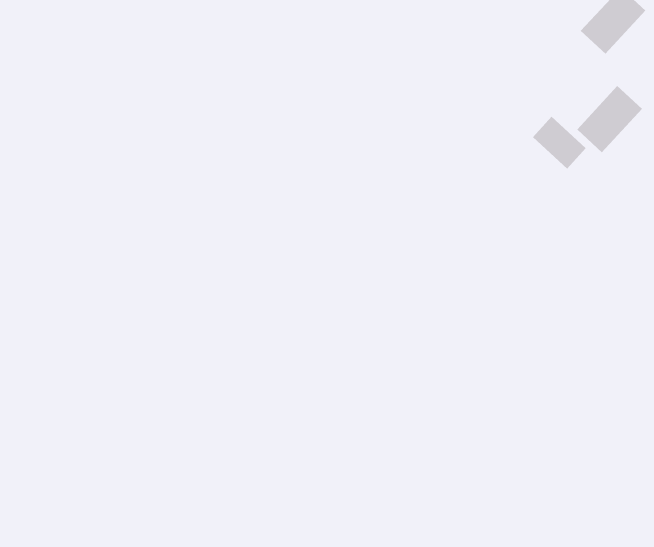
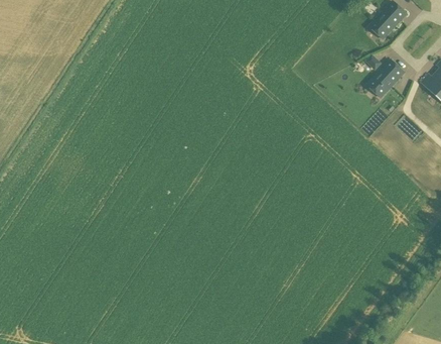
building: [532,116,586,169] -> none

